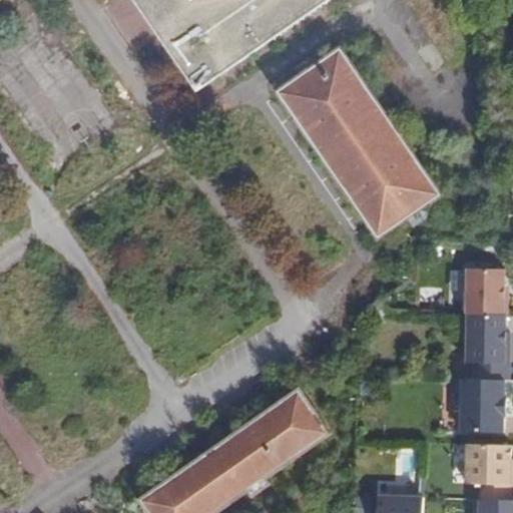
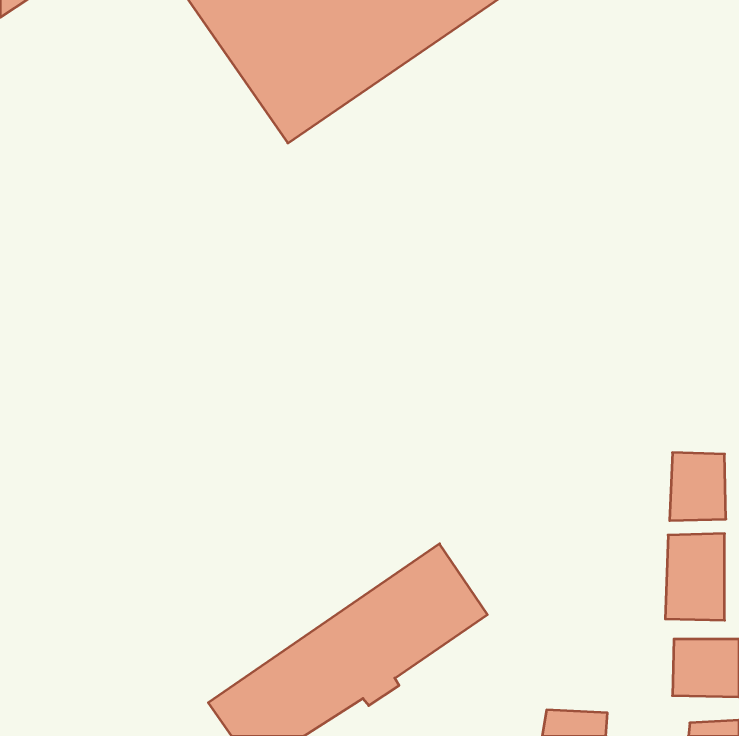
building: [284,58,446,247] -> none
building: [466,270,503,315] -> none

